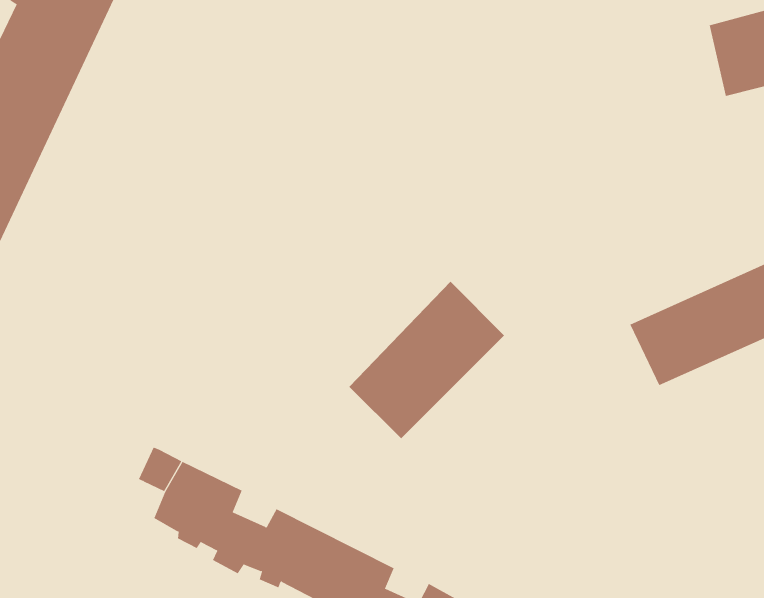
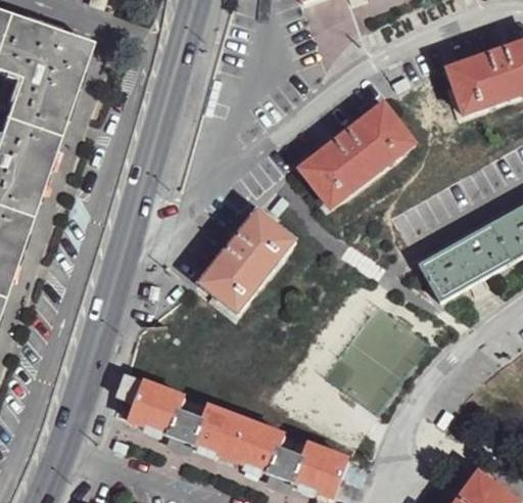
building: none -> [301,100,416,204]
building: [349,281,505,439] -> [203,208,298,311]

